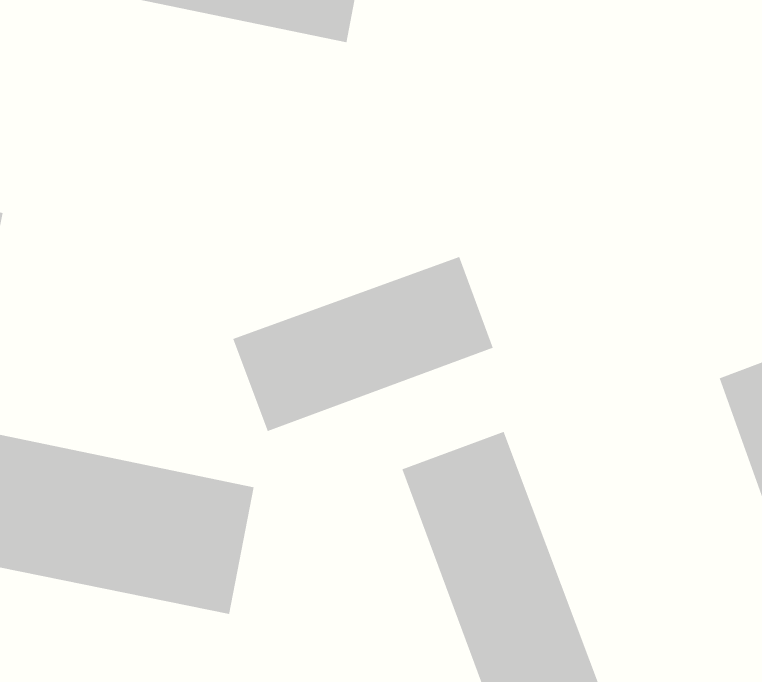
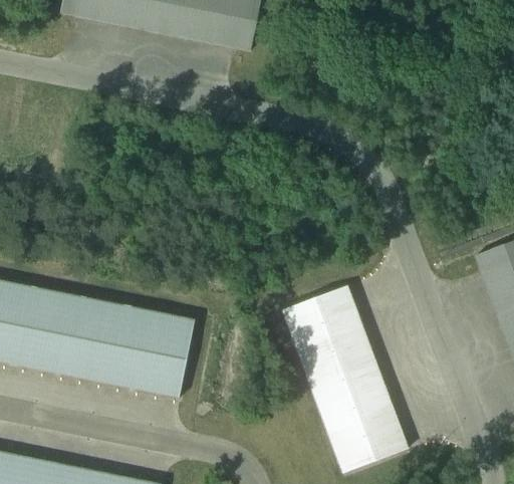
building: [233,256,494,432] -> none

